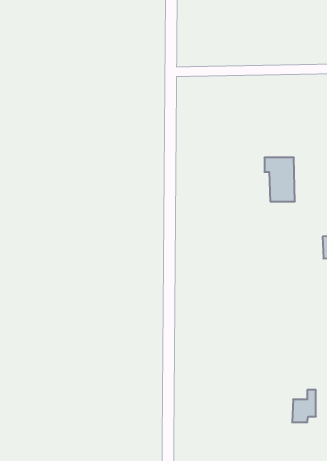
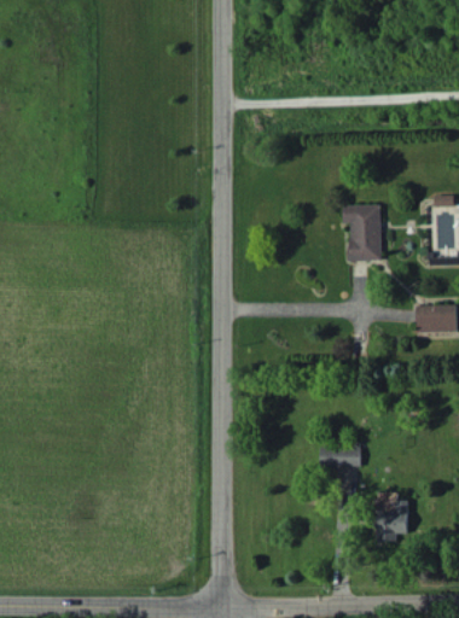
building: none -> [320,444,361,467]

